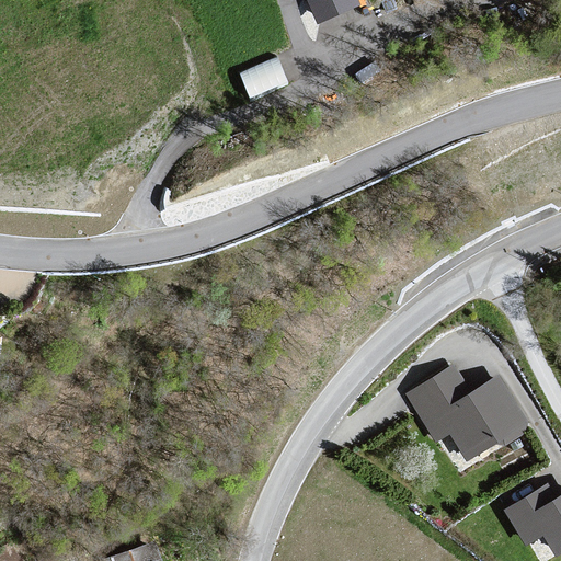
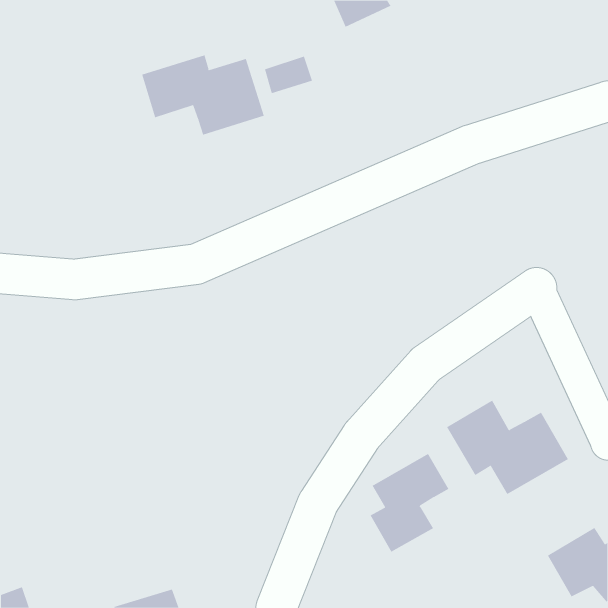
building: none -> [142,55,264,136]
building: none -> [370,453,449,553]

